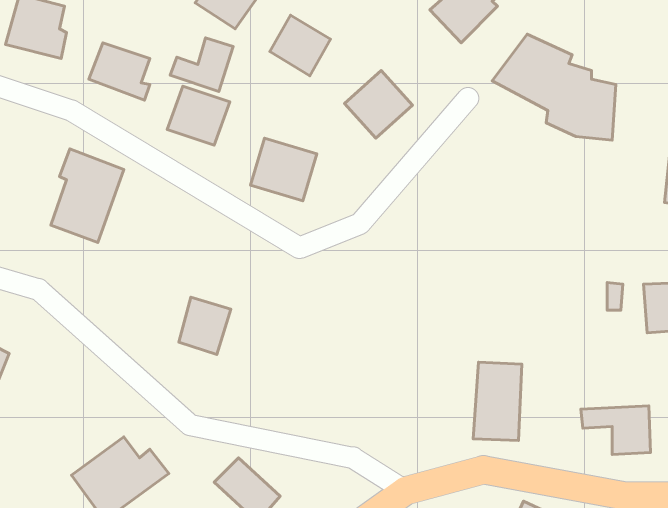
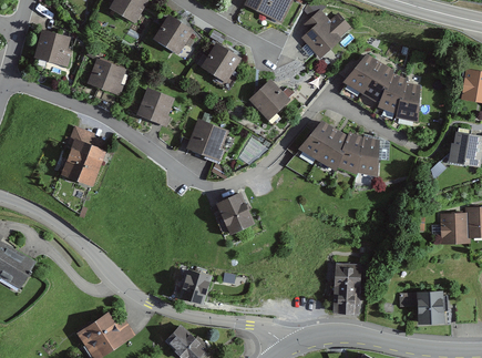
building: [170,38,233,91] -> none
building: none -> [297,121,379,175]
building: none -> [214,192,254,236]
building: [179,297,231,354] -> [178,269,212,306]

